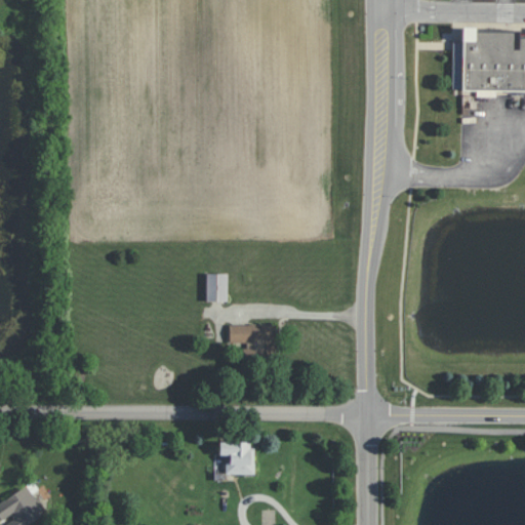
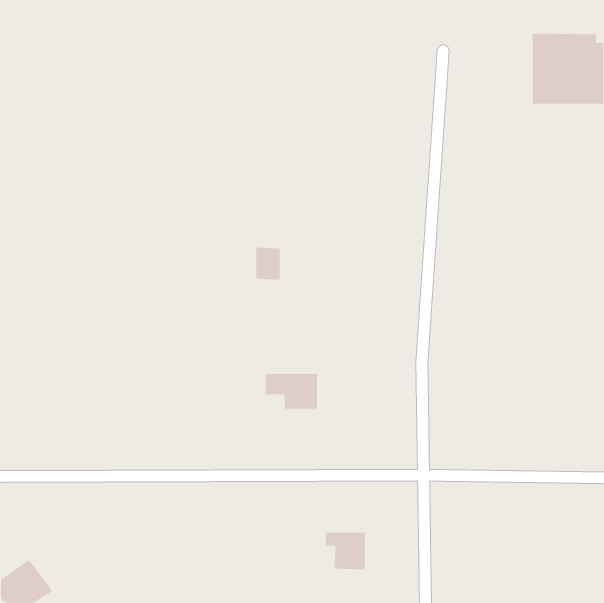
building: [206,274,228,302] -> [256,247,280,280]
building: [219,443,254,476] -> [325,532,365,570]

